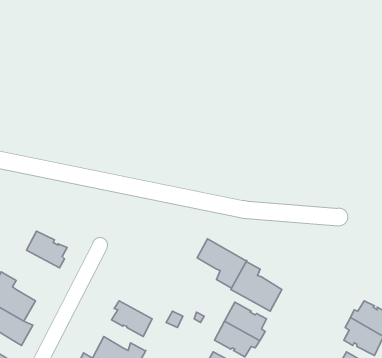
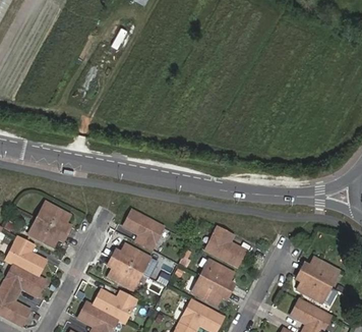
building: [197,239,247,288] -> [124,211,164,251]
building: none -> [32,219,67,247]
building: none -> [115,244,150,274]

